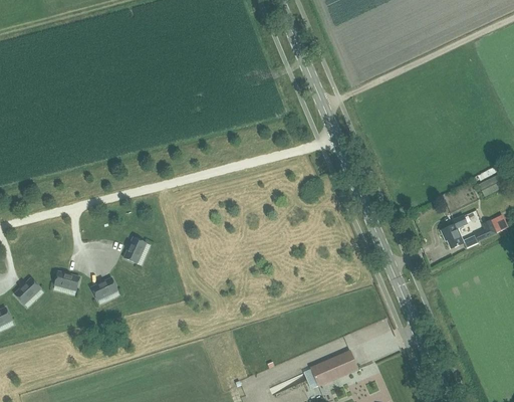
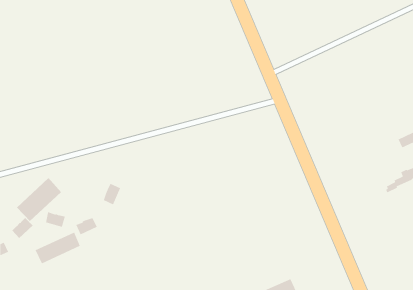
building: [441,214,468,248] -> none
building: none -> [16,177,62,222]
building: none -> [35,231,81,264]

